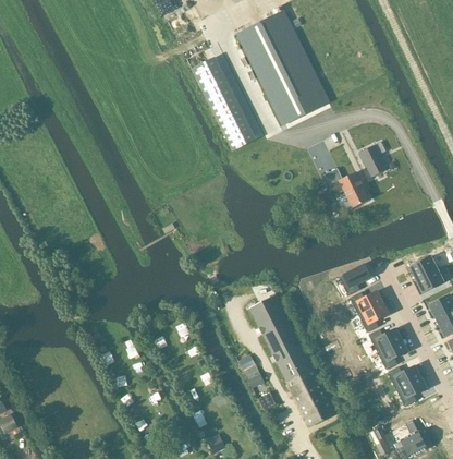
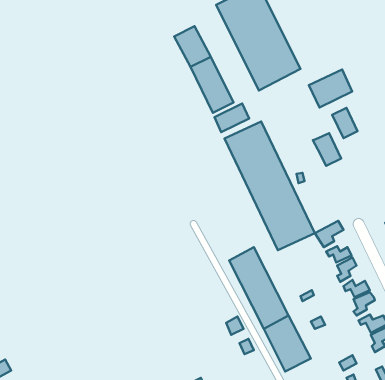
building: none -> [309,70,352,108]
building: none -> [214,104,249,132]
building: none -> [224,121,315,250]

